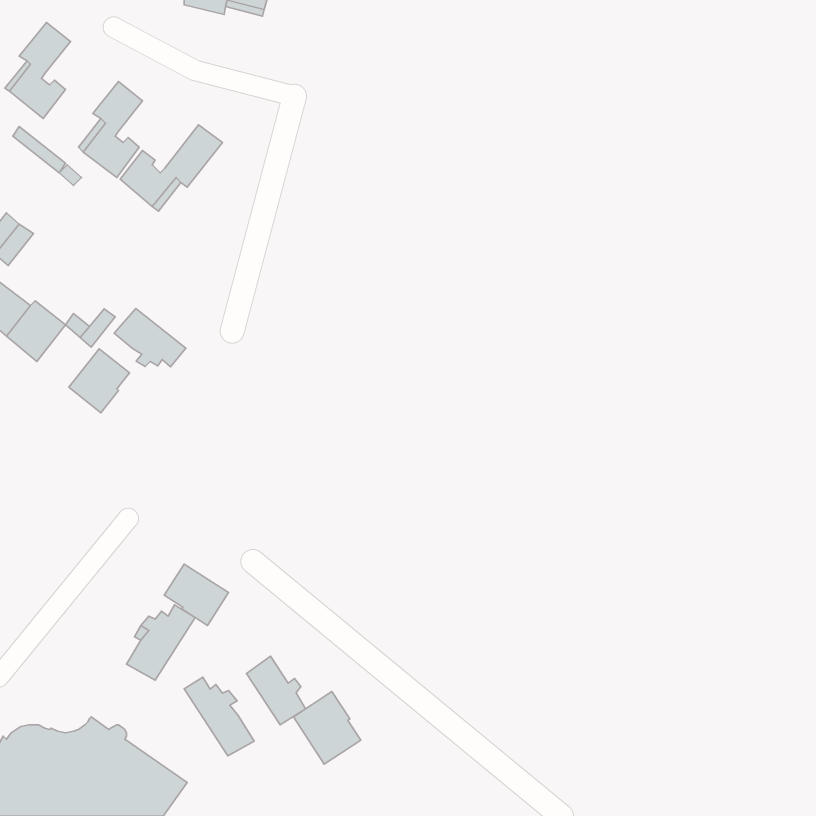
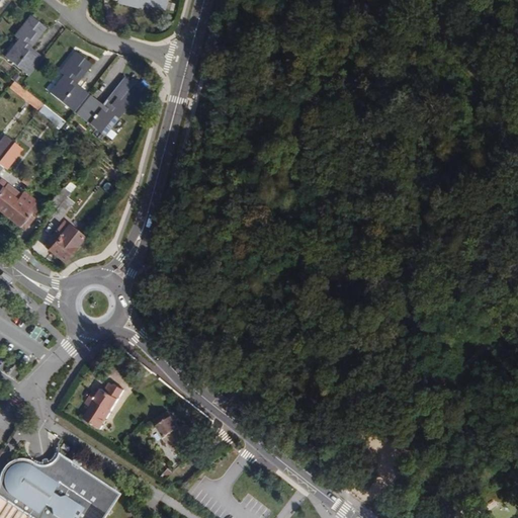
building: [114,309,186,367] -> none
building: [164,564,228,626] -> none
building: [184,677,254,756] -> none
building: [293,691,361,764] -> none

